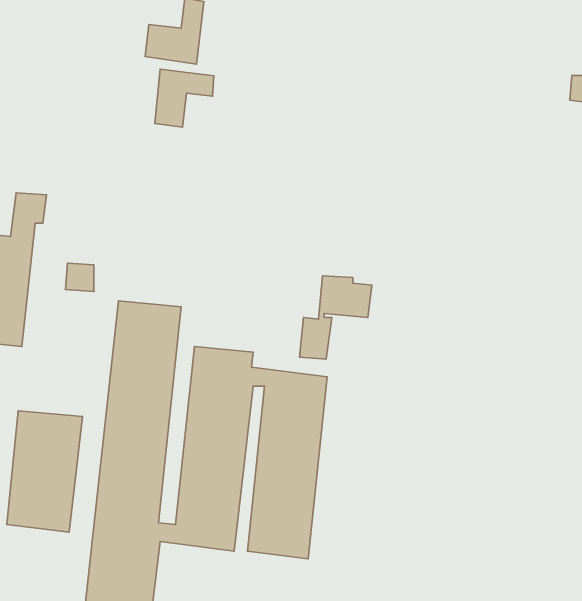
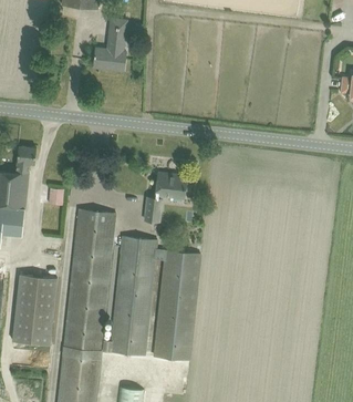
building: [155,69,214,127] -> none
building: [300,276,372,359] -> [144,173,186,221]

